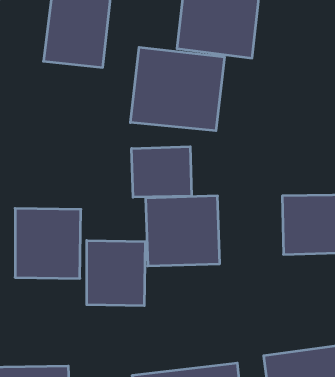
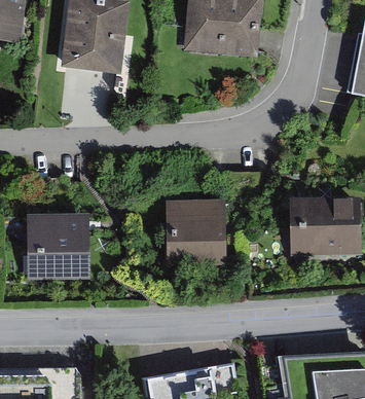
building: [130,47,224,131] -> none
building: [132,147,192,197] -> none
building: [87,240,145,306] -> none

